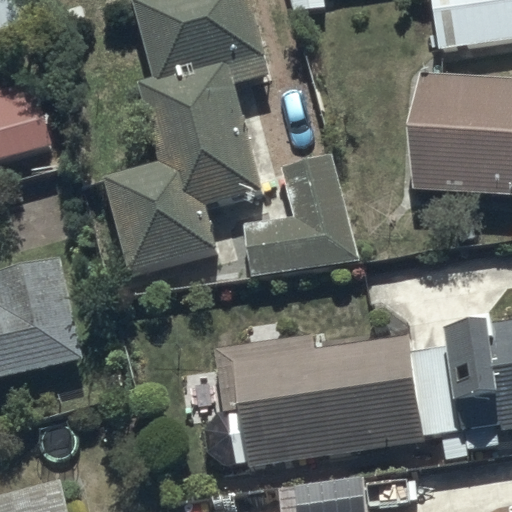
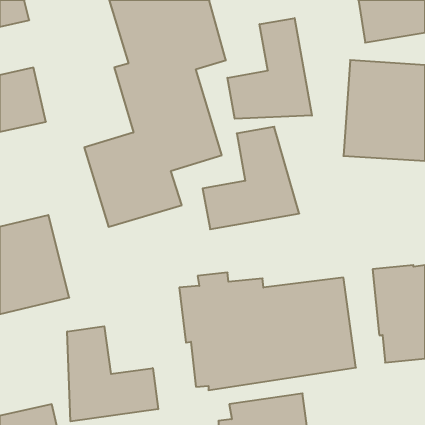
building: none -> [227,18,312,119]
building: none -> [67,326,158,421]

